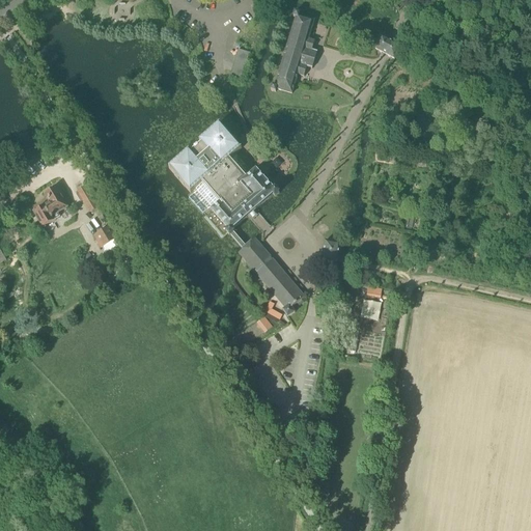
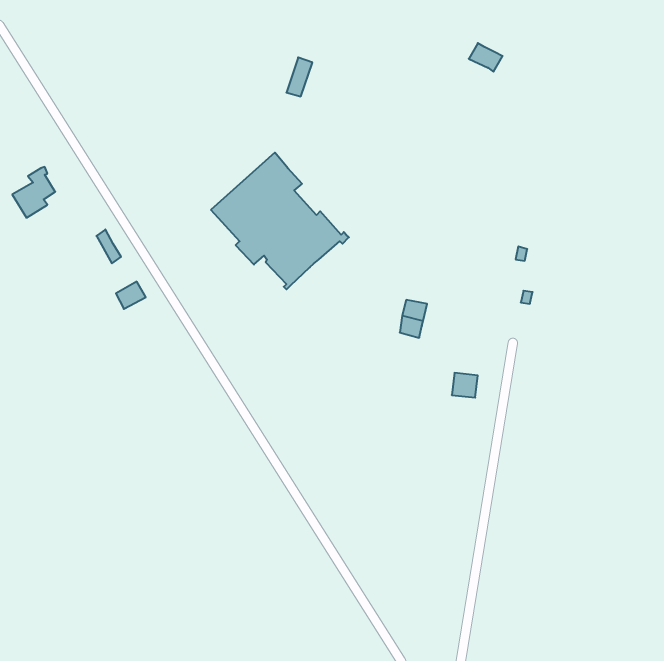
building: [270,8,316,90] -> none
building: [31,184,65,224] -> [12,167,55,218]
building: [239,235,303,313] -> none

